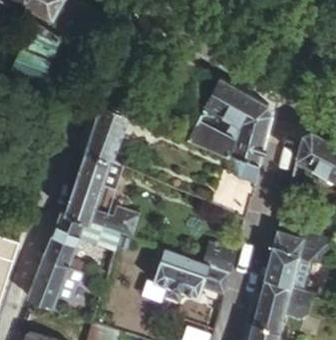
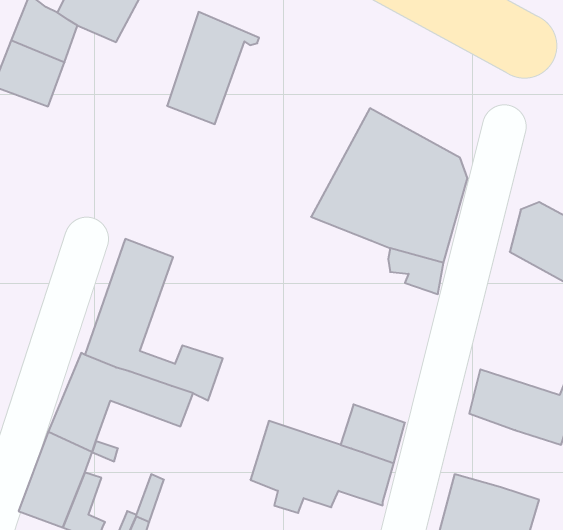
building: [85,100,135,161] -> [167,12,259,124]
building: [265,247,298,287] -> none

